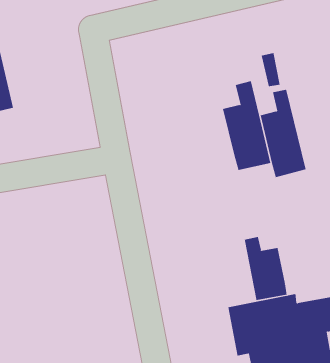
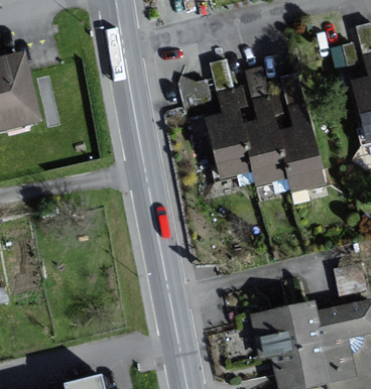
building: none -> [208,90,255,176]
building: [244,236,287,301] -> none

